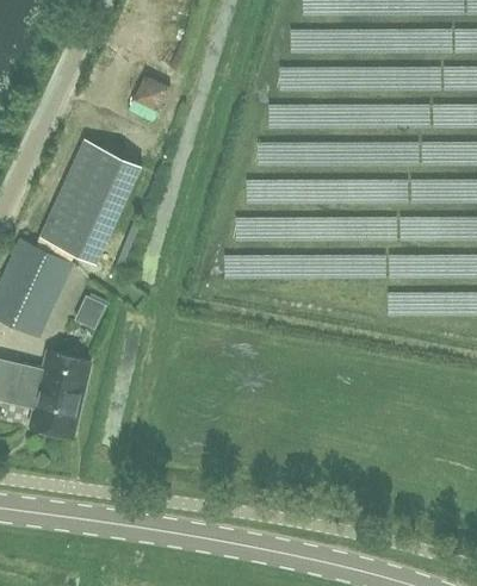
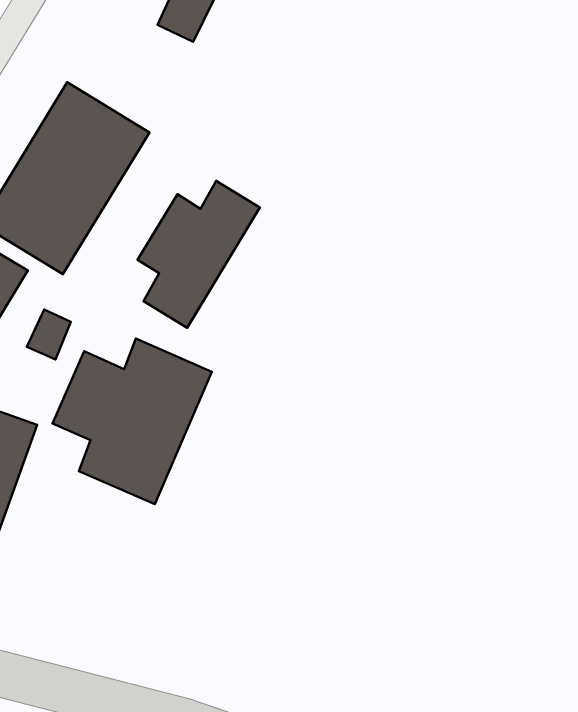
building: none -> [137,181,260,328]
building: none -> [53,338,212,504]

